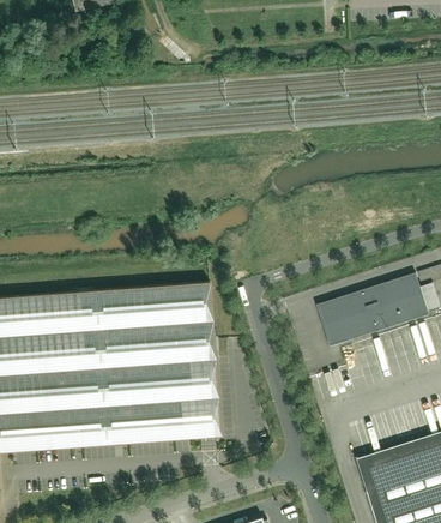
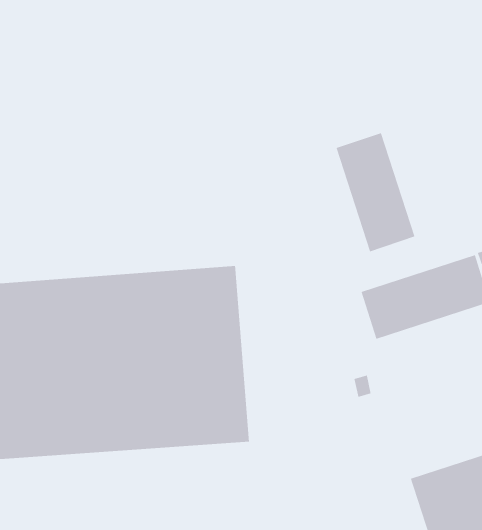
building: none -> [335,132,415,252]

